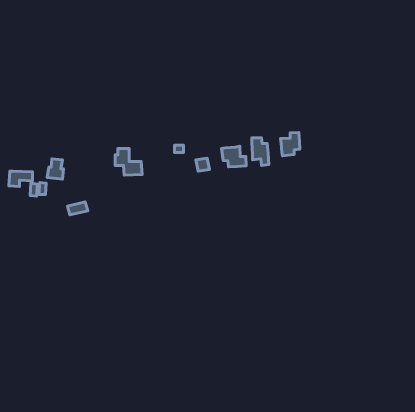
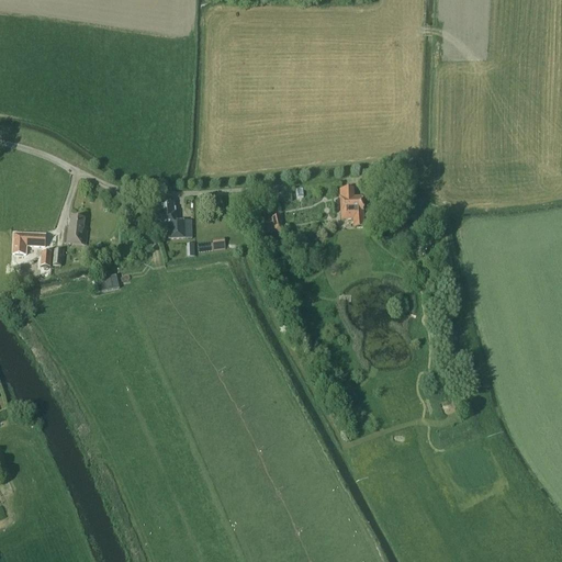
building: [281,133,300,156] -> none
building: [222,146,246,167] -> none

